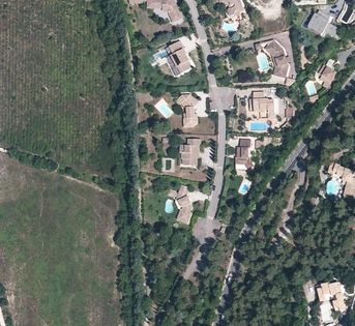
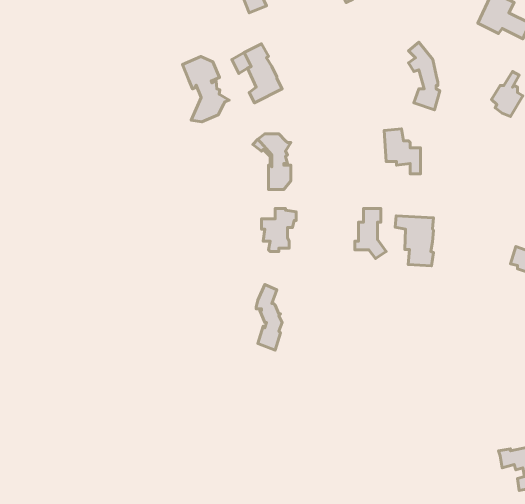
building: none -> [182,57,229,122]
building: none -> [395,216,434,266]

